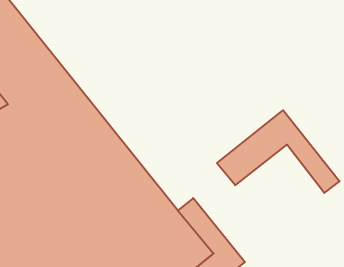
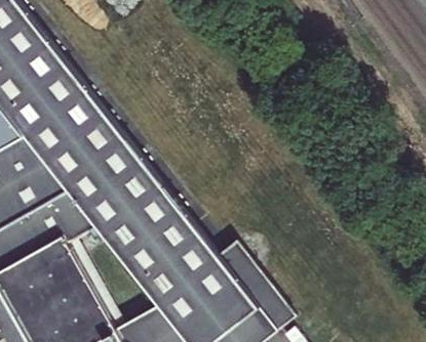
building: [217,110,340,193] -> none

